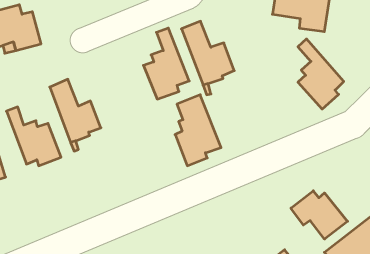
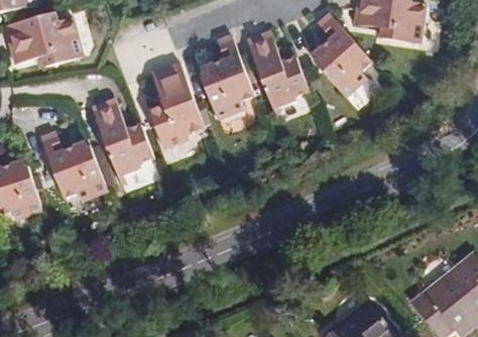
building: [298,39,344,109] -> [316,12,369,94]
building: [175,95,221,166] -> [151,68,205,150]
building: [291,191,348,239] -> none

